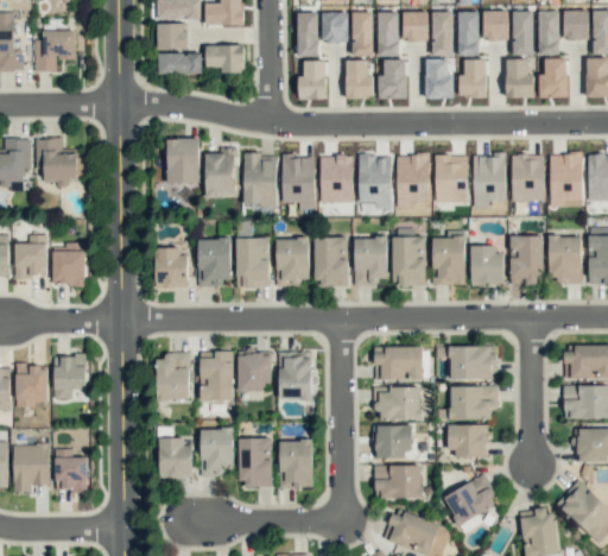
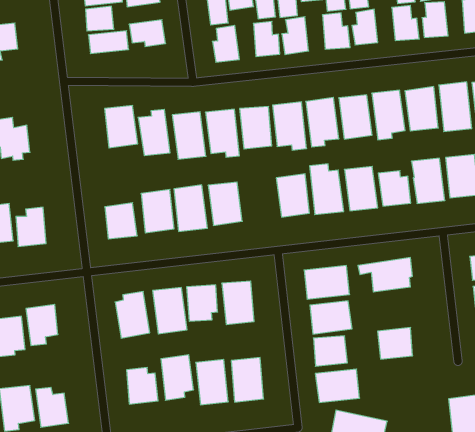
building: [315,238,348,286] -> none
building: [450,386,498,421] -> none
building: [443,475,499,526] -> none

